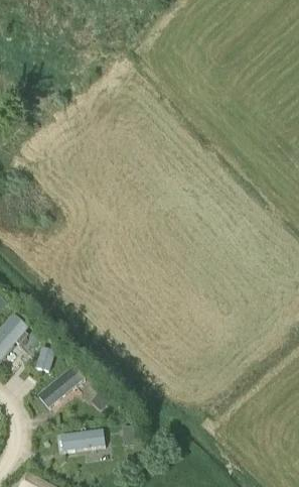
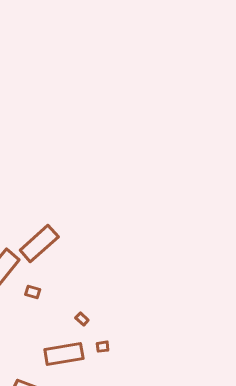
building: [37,365,84,409] -> [20,225,59,262]

